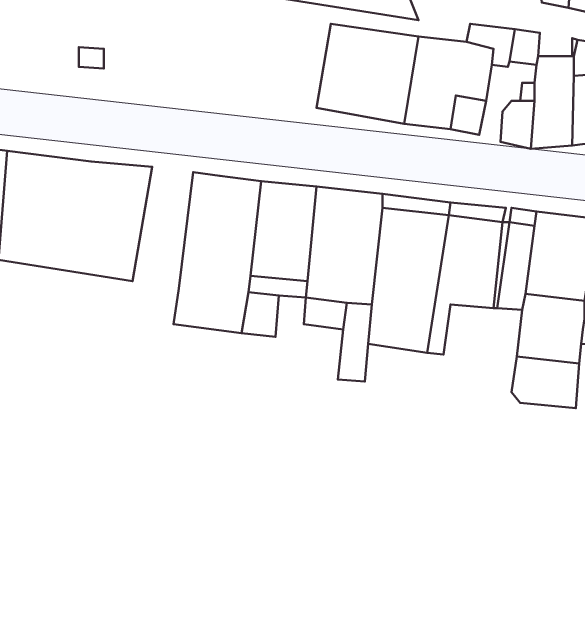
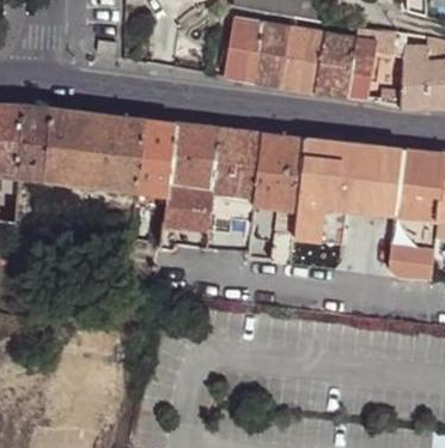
building: none -> [222,18,266,80]
building: none -> [133,120,173,201]

